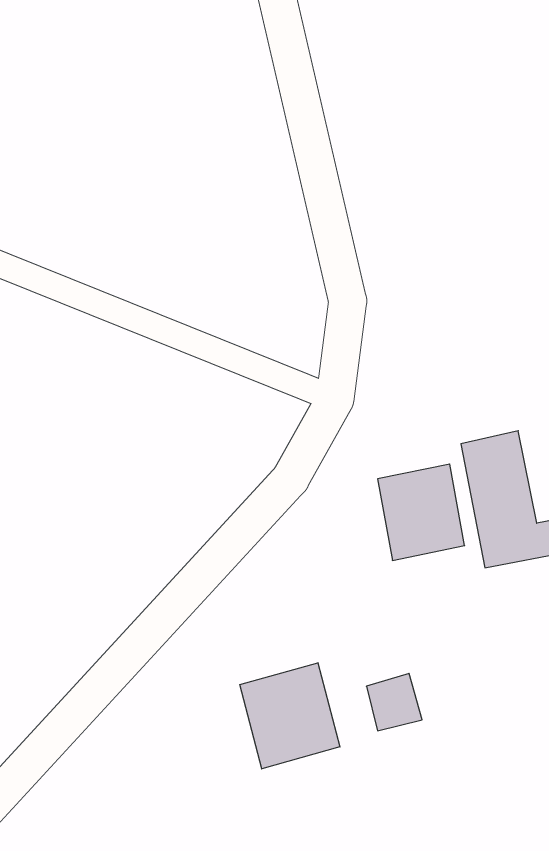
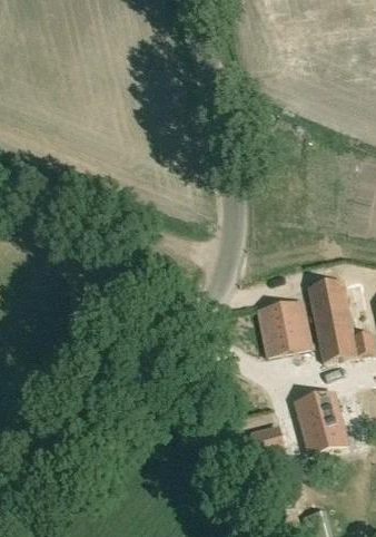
building: none -> [297,392,346,453]
building: [240,663,340,769] -> none

